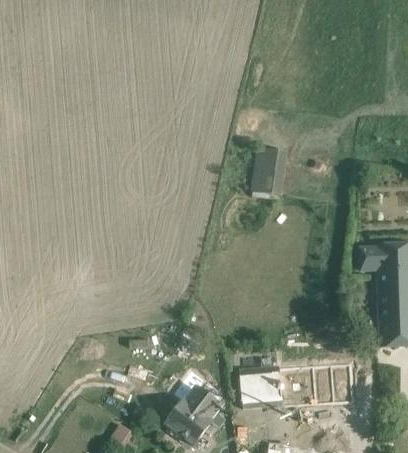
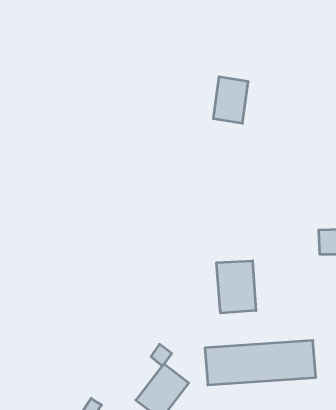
building: [250,147,287,196] -> [213,77,248,123]
building: none -> [217,261,256,313]

